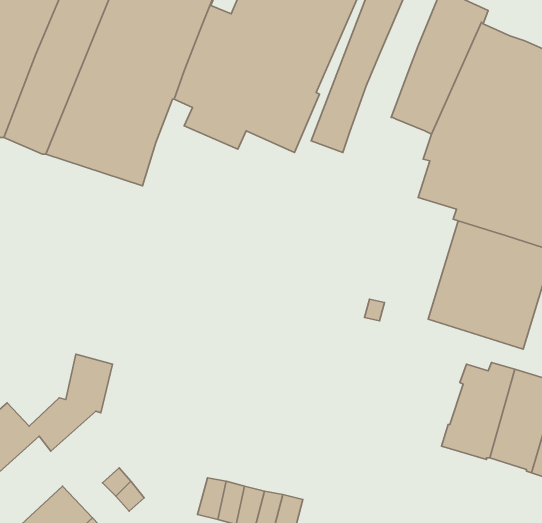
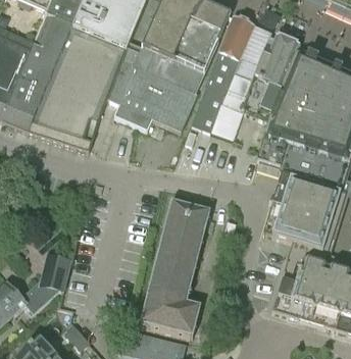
building: none -> [211,70,252,138]
building: none -> [140,200,209,337]

